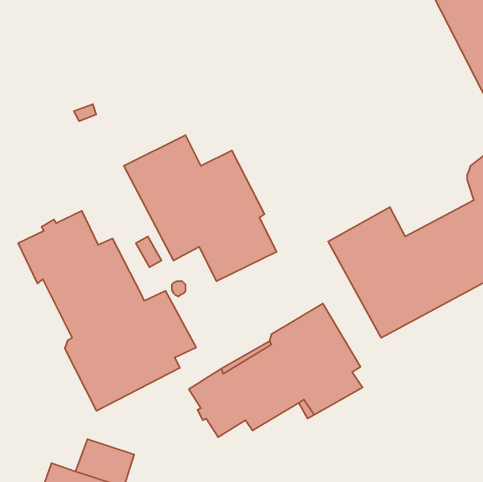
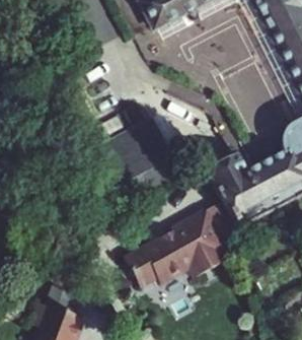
building: [18,211,196,411] -> none

